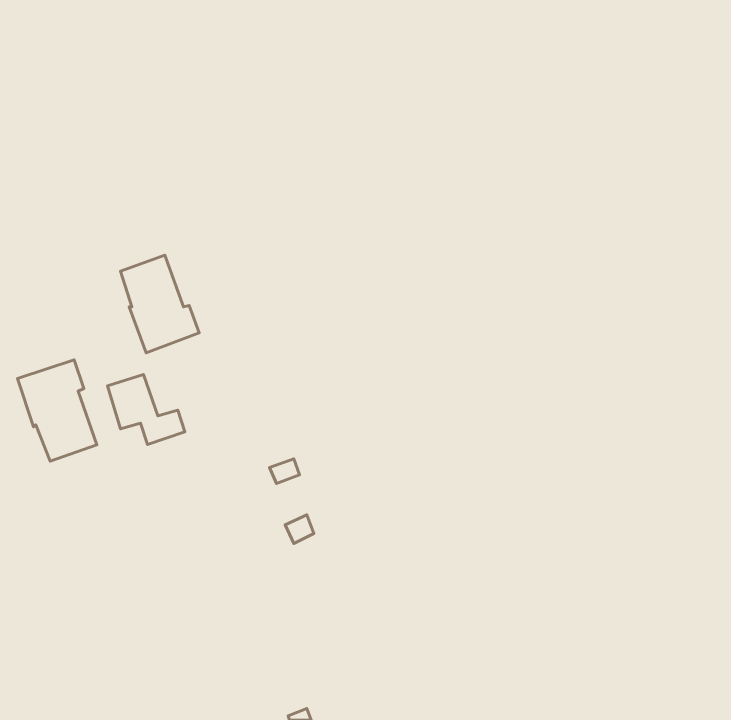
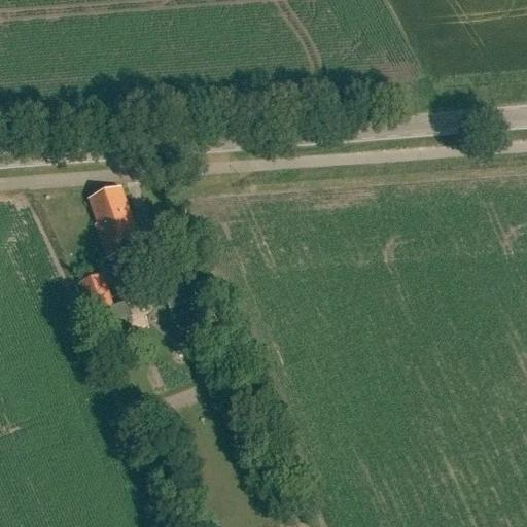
building: [18,360,97,461] -> none

